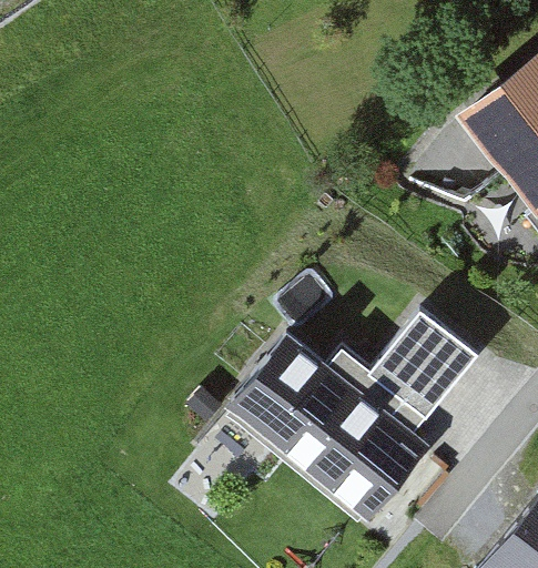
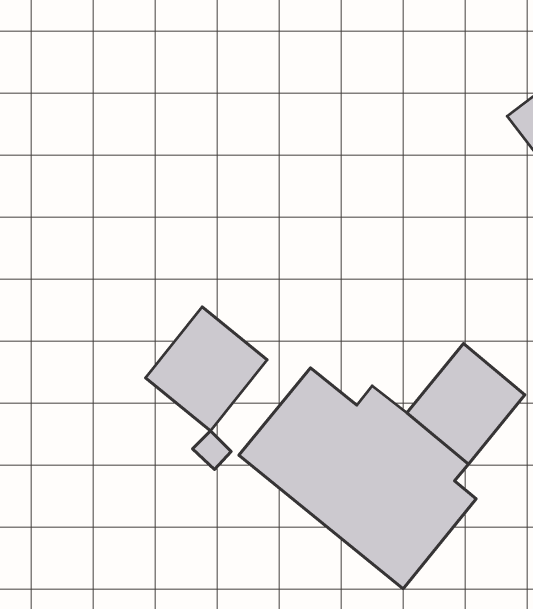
building: none -> [145,307,267,431]

